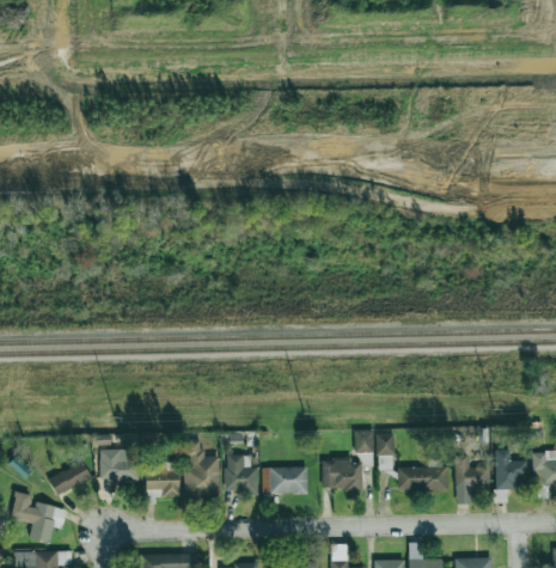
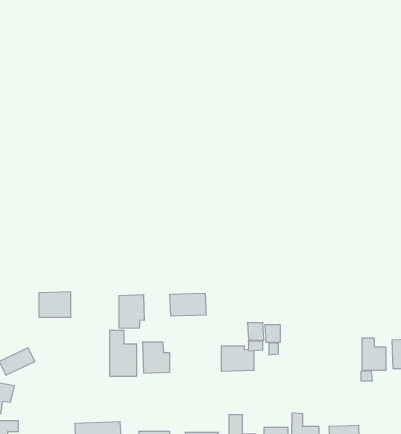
building: none -> [119,295,144,328]
building: [99,448,139,480] -> [39,292,71,317]
building: [454,454,490,503] -> none
building: [262,466,307,494] -> [169,294,206,316]
building: [397,466,448,490] -> none
building: [146,468,179,499] -> none

